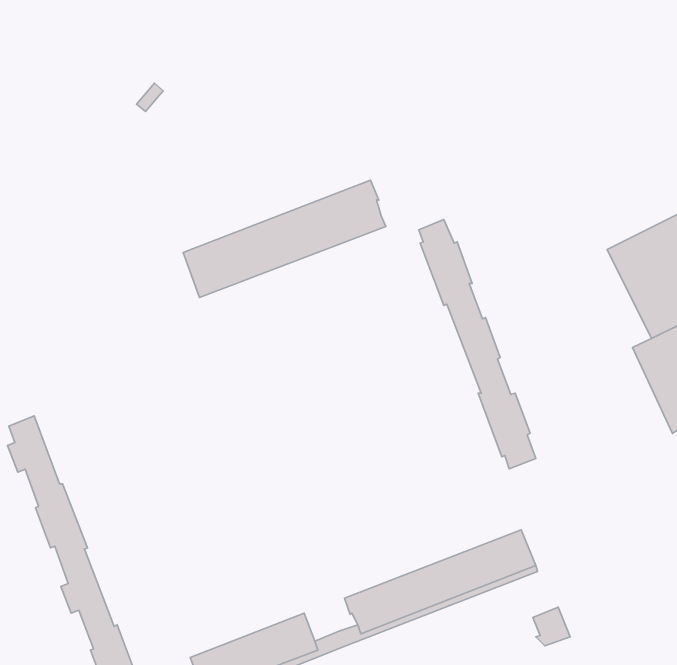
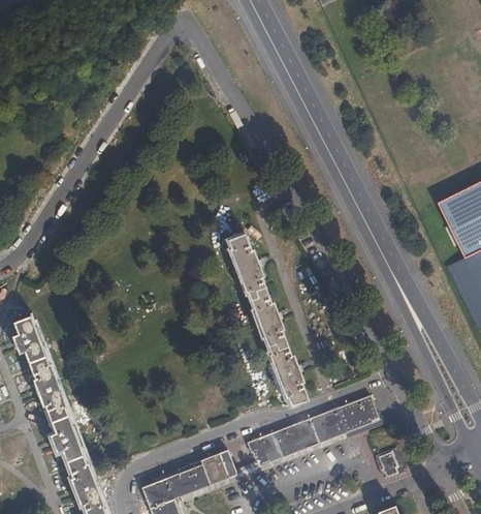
building: [183,180,386,298] -> none
building: [419,220,536,469] -> [227,233,309,406]

